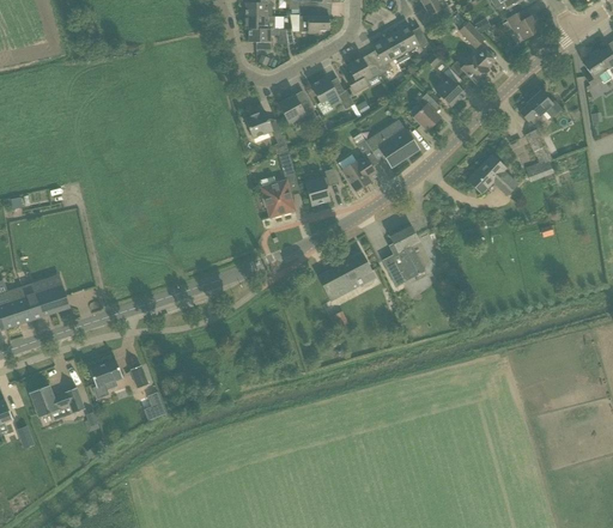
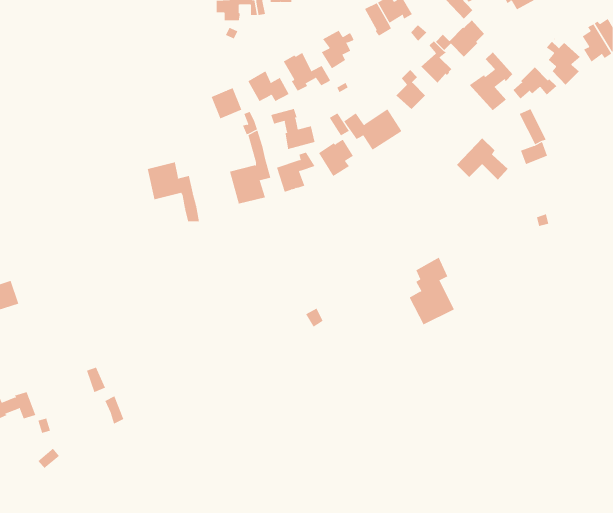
building: [370,38,395,74] -> none
building: none -> [540,38,581,85]
building: none -> [469,52,513,111]
building: none -> [270,108,315,150]
building: none -> [147,161,200,222]
building: [383,224,425,286] -> [409,257,455,325]
building: [317,253,371,301] -> none
building: [90,359,122,389] -> none

